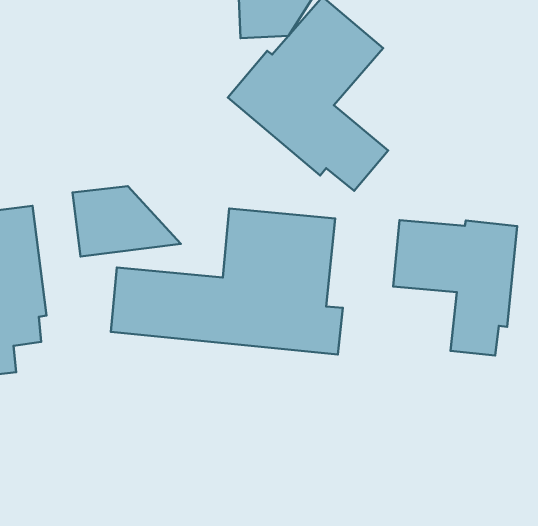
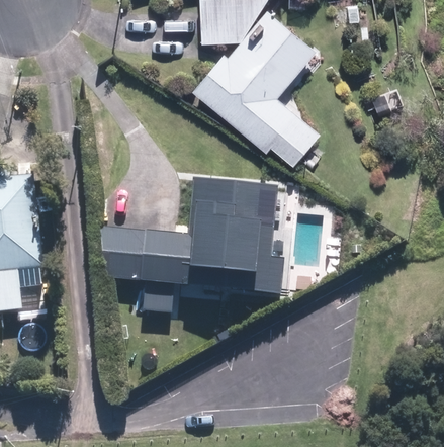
building: [72,186,181,257] -> none
building: [393,220,517,356] -> none

